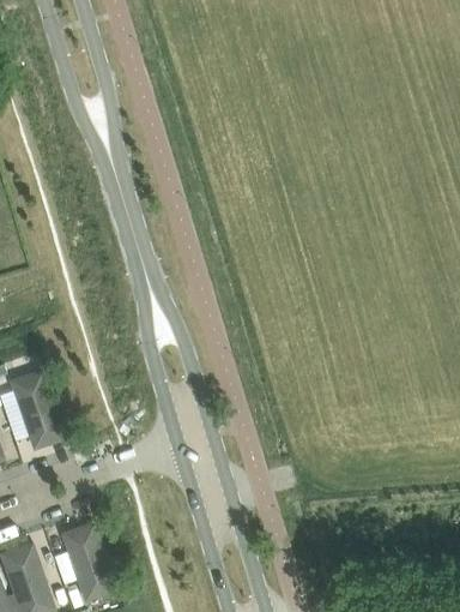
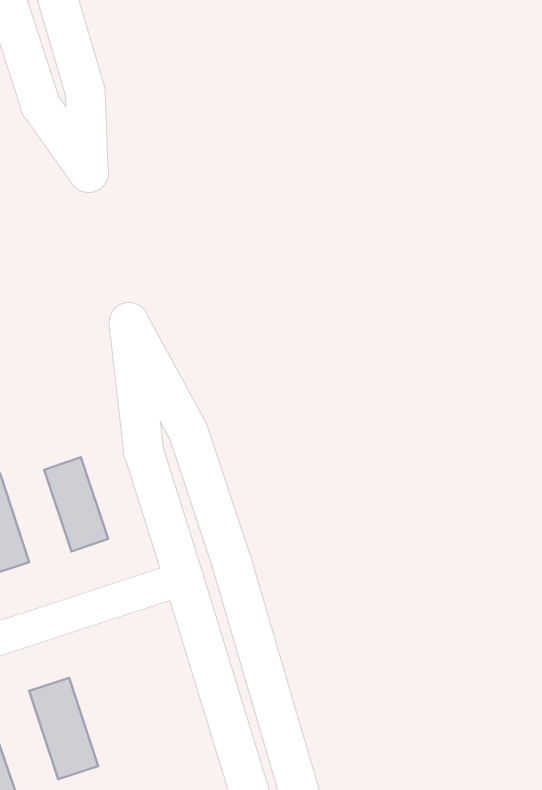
building: none -> [44,457,108,551]

